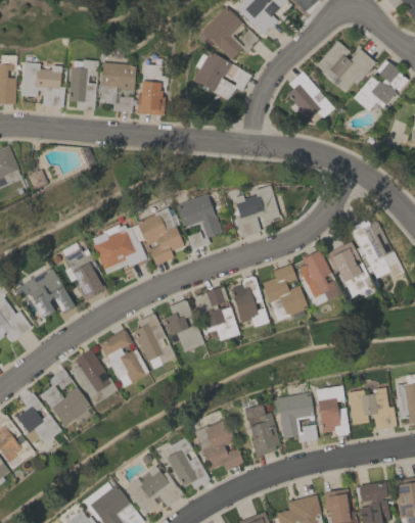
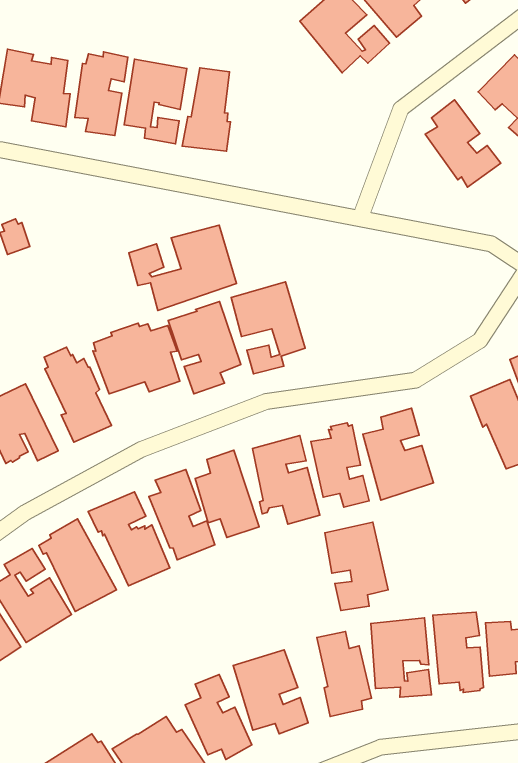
building: [193,49,251,101] -> none
building: none -> [129,225,236,310]
building: [234,185,280,237] -> none
building: [299,248,338,306] -> none
building: none -> [325,522,388,610]

